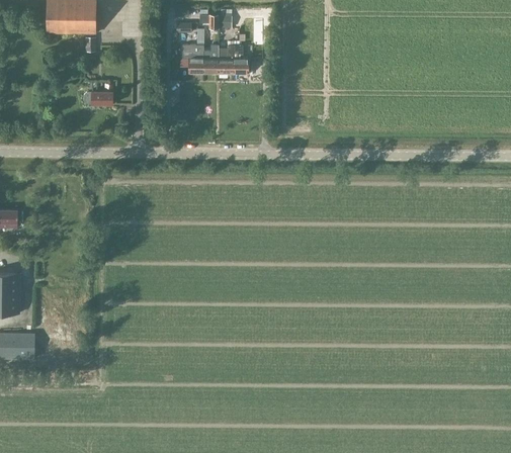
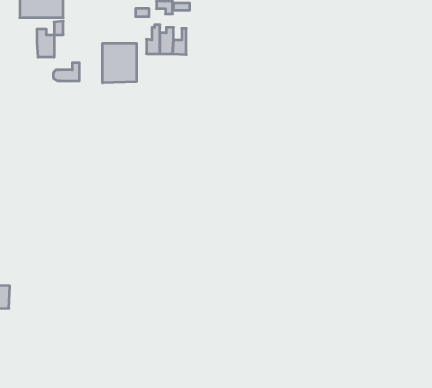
building: [232,44,247,74] -> none
building: none -> [37,29,54,57]
building: none -> [103,43,136,83]

